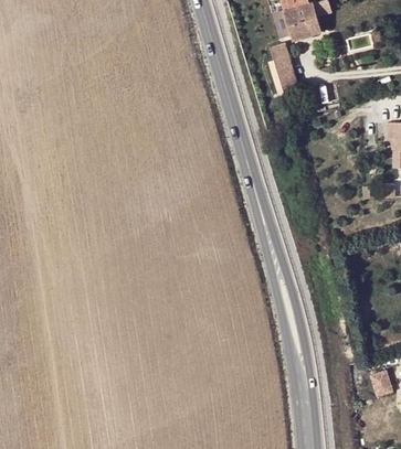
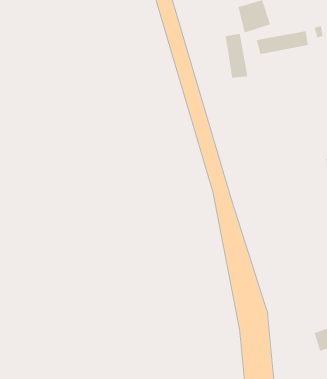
building: none -> [256,30,308,55]

